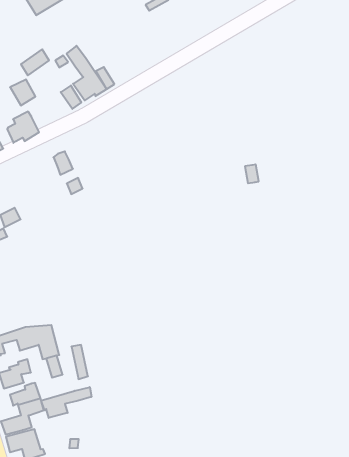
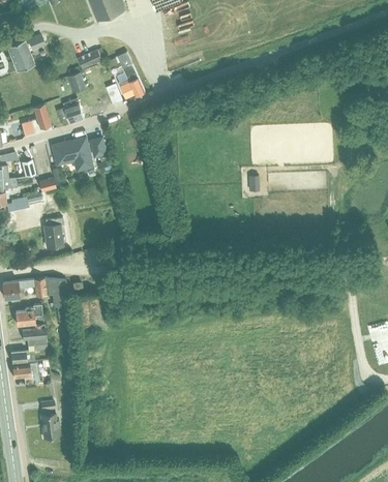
building: none -> [52,138,92,170]
building: none -> [43,217,62,248]
building: [41,387,91,418] -> none

